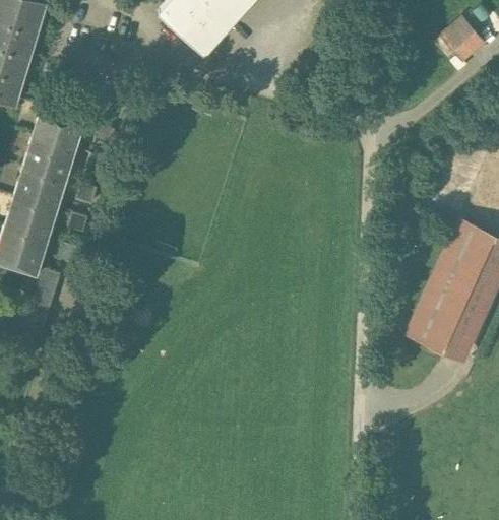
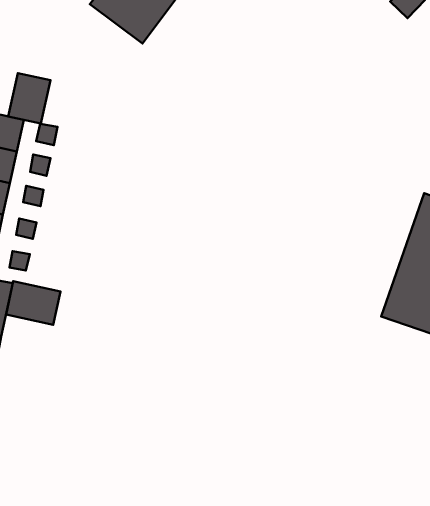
building: none -> [8,73,51,124]
building: none -> [6,281,60,325]

